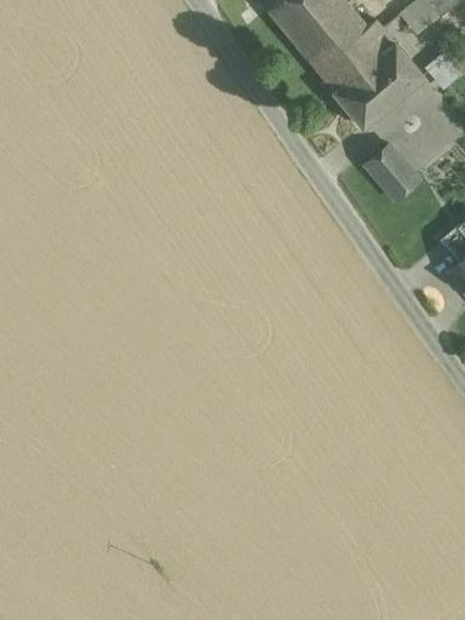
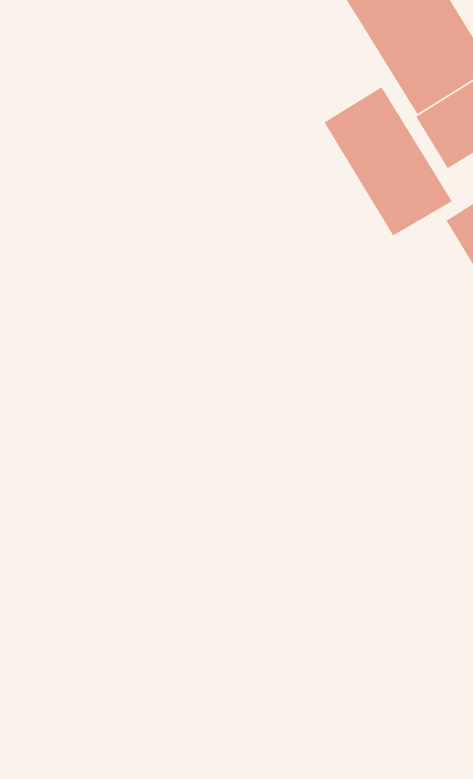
building: none -> [323,86,453,237]

